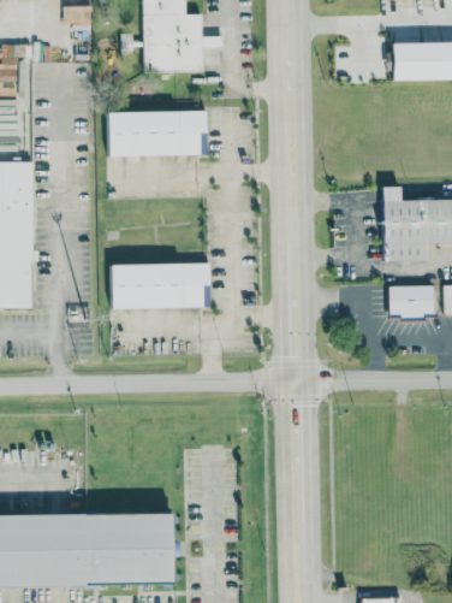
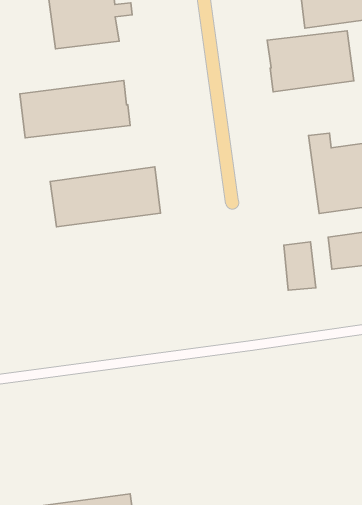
building: none -> [267,31,354,92]
building: [108,262,212,309] -> [50,167,160,227]
building: none -> [284,242,316,290]

